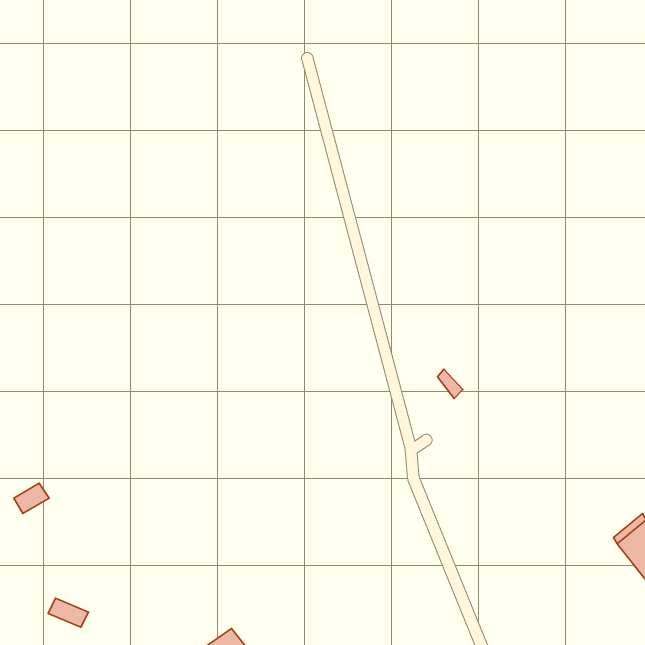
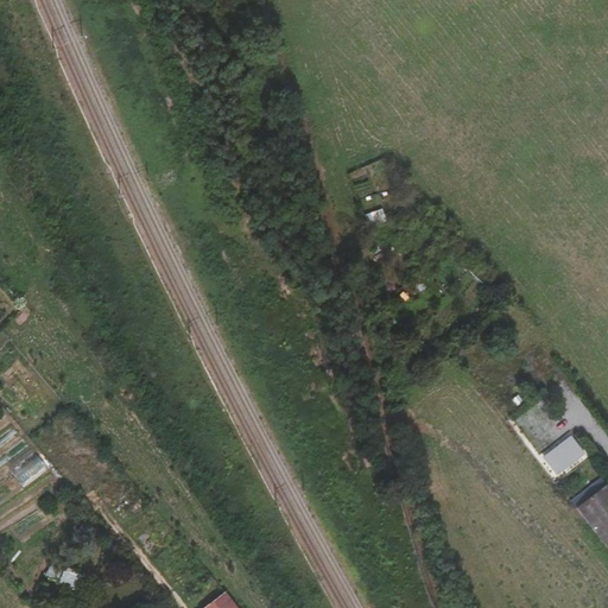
building: none -> [543,435,587,476]

